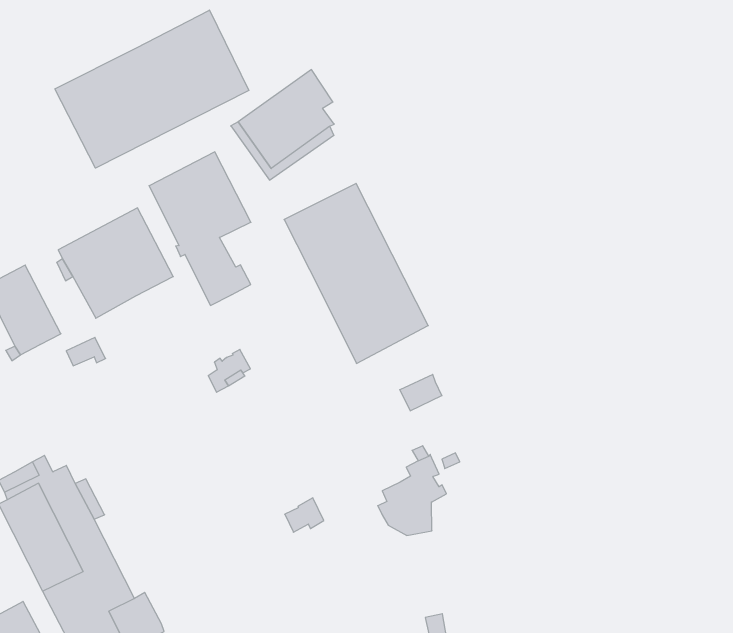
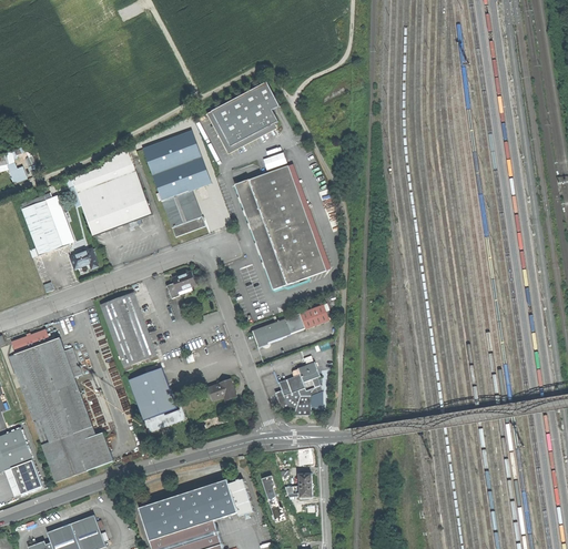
building: [55,10,249,168] -> none
building: none -> [100,291,156,366]
building: none -> [252,312,305,344]
building: none -> [129,366,176,418]

